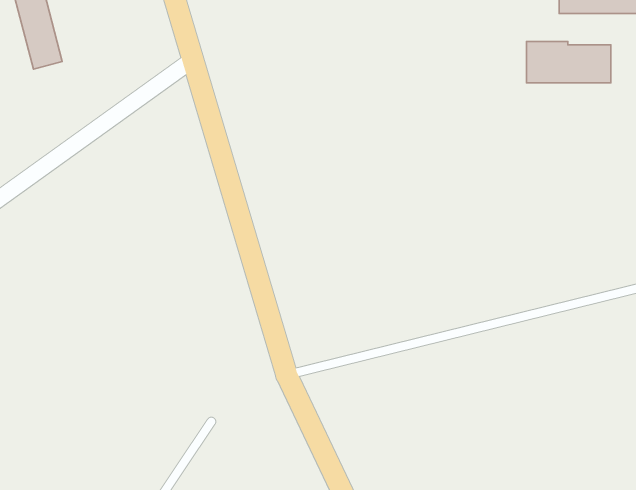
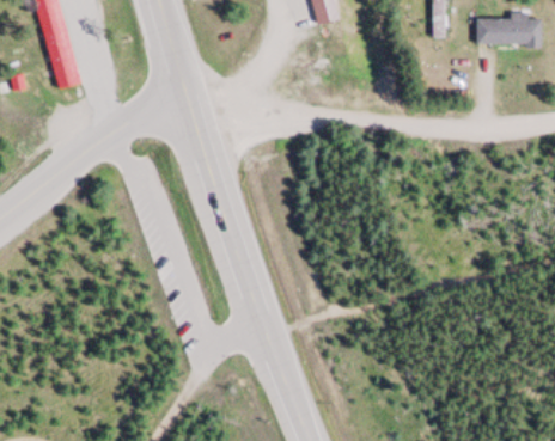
building: [526,41,611,83] -> none

